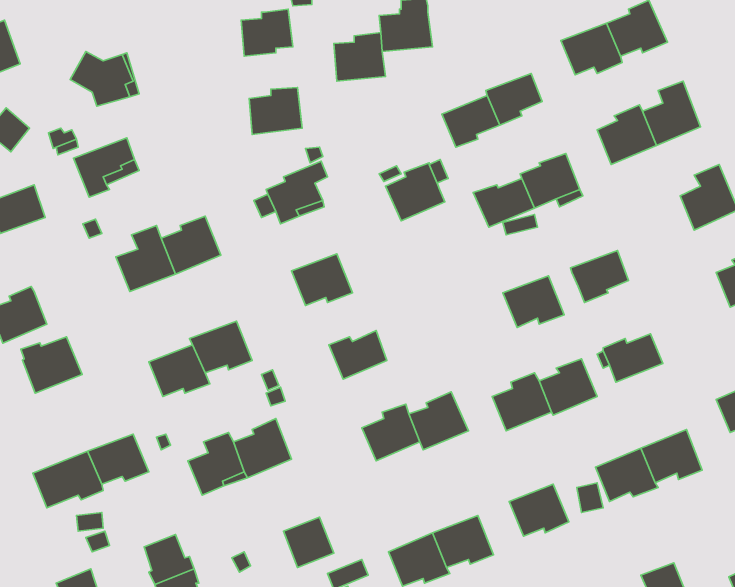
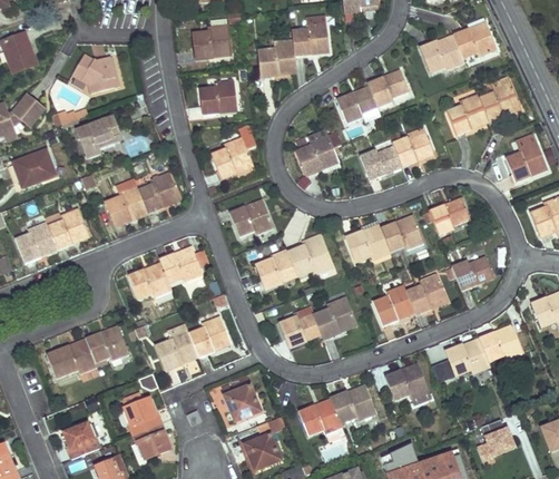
building: none -> [346,221,390,260]
building: none -> [287,237,331,274]
building: [21,337,82,393] -> [46,208,89,248]

